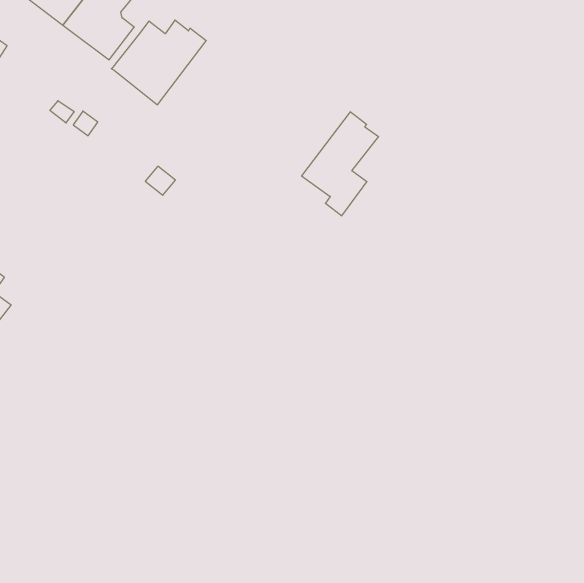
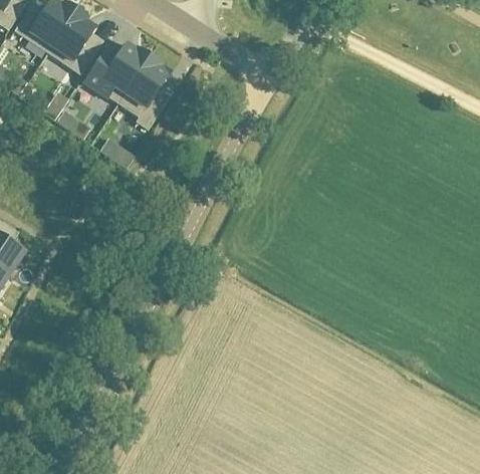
building: [302,112,379,216] -> [117,56,170,130]

